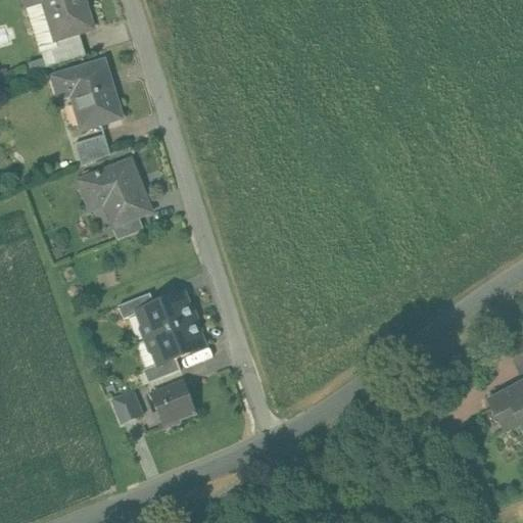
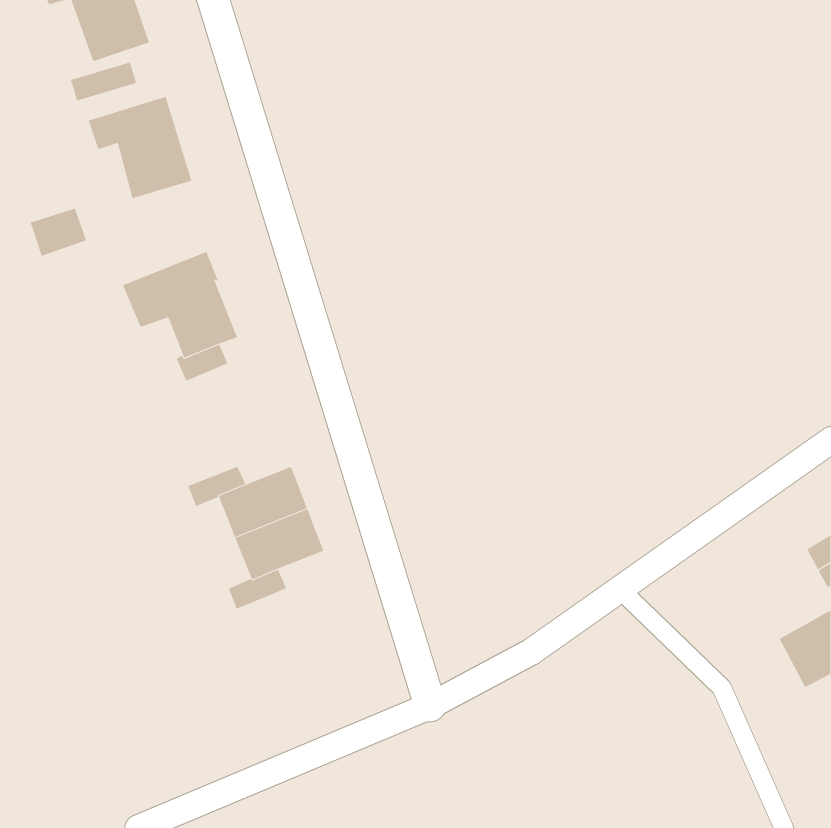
building: [76,132,111,162] -> [30,208,87,257]
building: [150,381,195,427] -> none
building: [111,387,143,420] -> none

